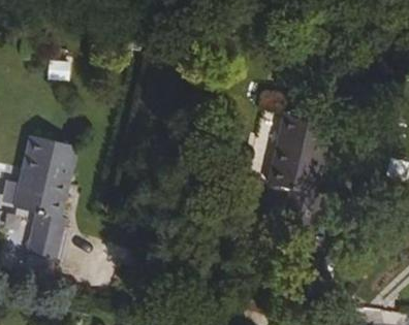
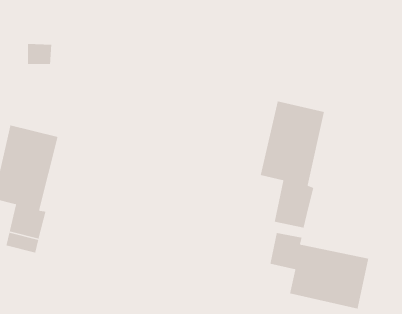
building: none -> [269,232,369,309]

